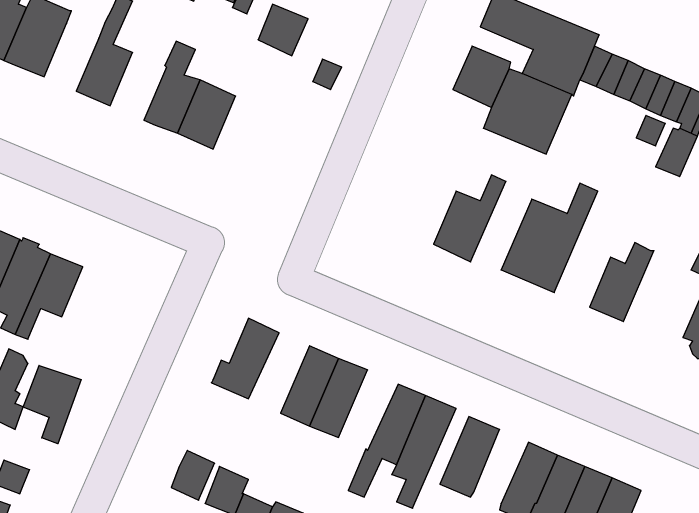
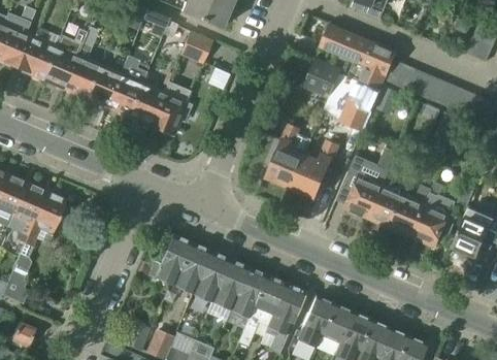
building: none -> [43,35,82,88]
building: none -> [86,63,122,106]
building: none -> [151,81,192,136]
building: none -> [269,125,312,186]
building: none -> [370,152,406,226]
building: none -> [415,182,457,244]
building: none -> [174,242,213,294]
building: [23,365,81,444] -> none
building: none -> [232,266,270,318]
building: none -> [319,304,354,352]

